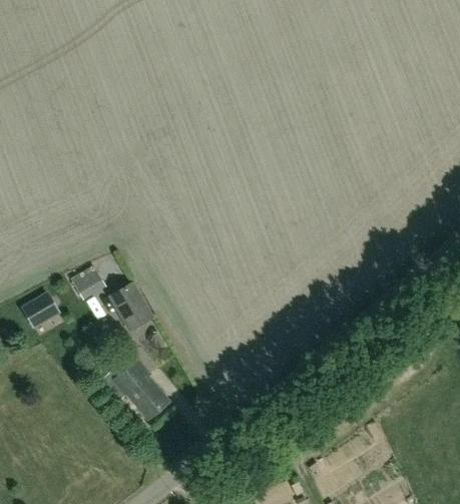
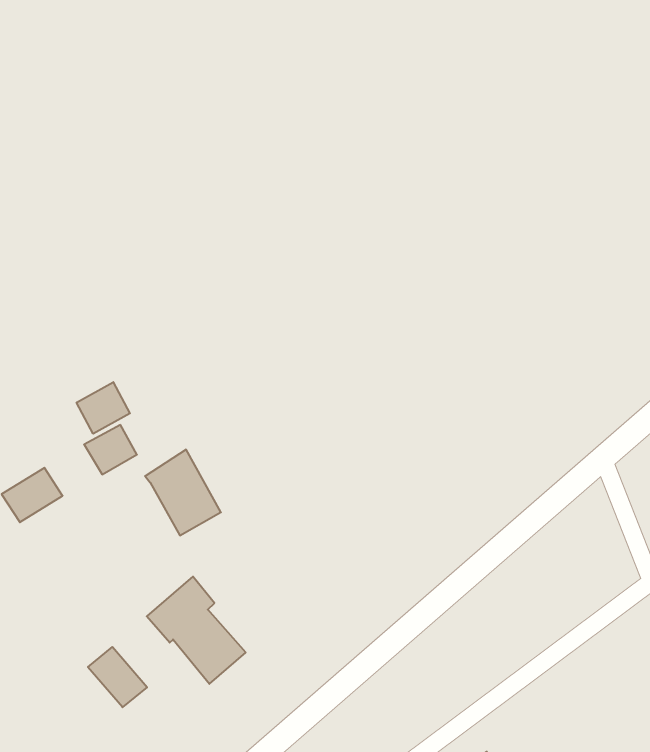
building: none -> [77,382,130,434]
building: none -> [88,647,147,707]

